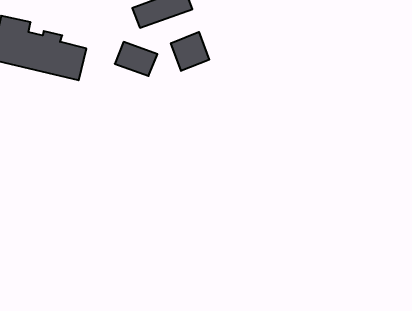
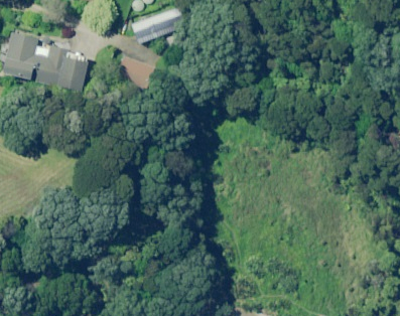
building: [171,32,209,71] -> none

